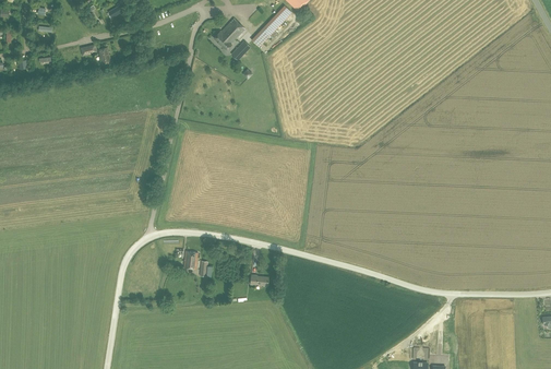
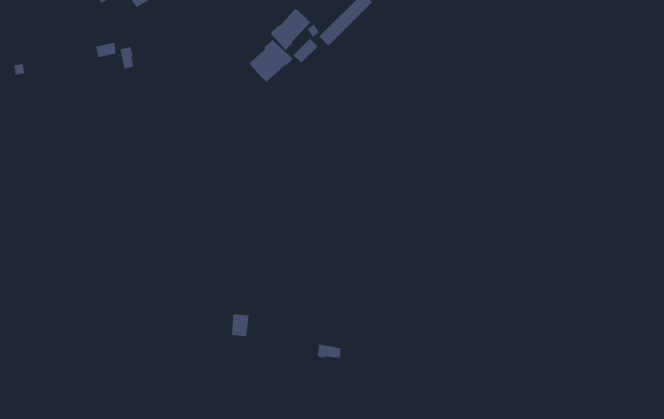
building: none -> [248,39,294,83]

